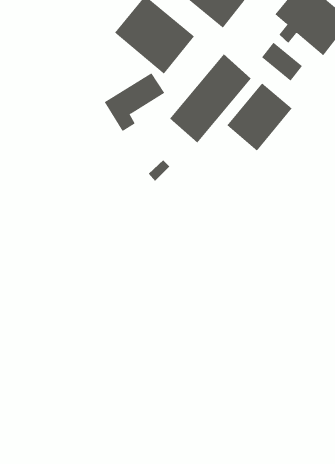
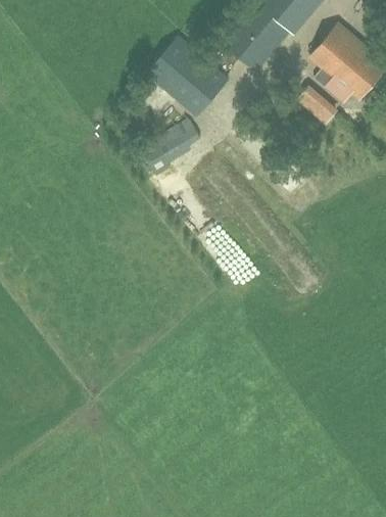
building: [169,54,252,143] -> none
building: [226,82,292,152] -> none

